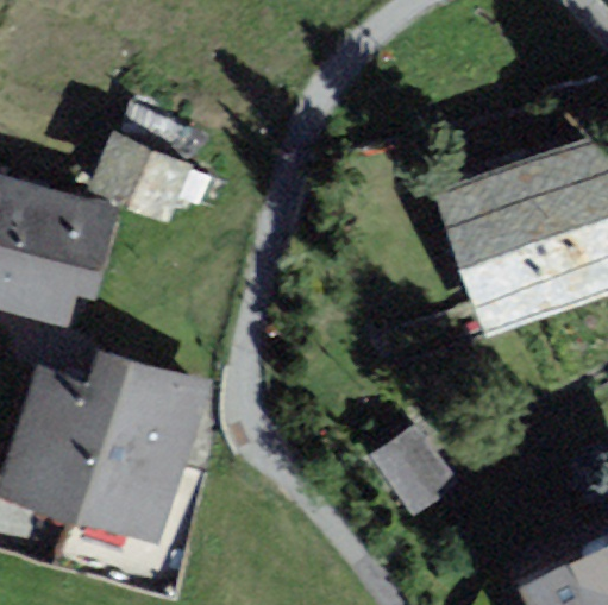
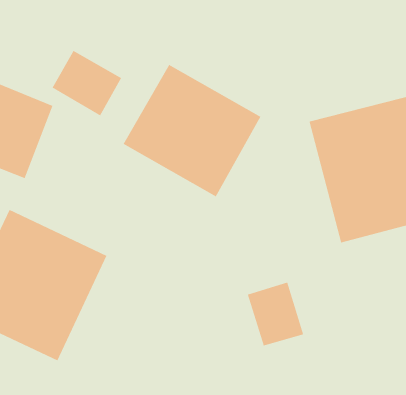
building: none -> [123,64,262,197]

